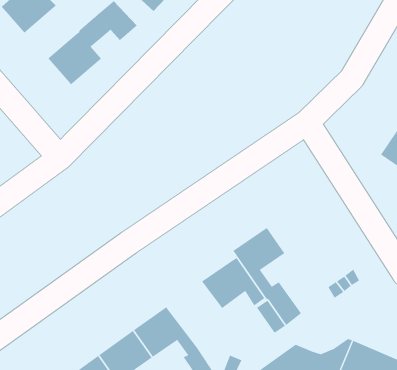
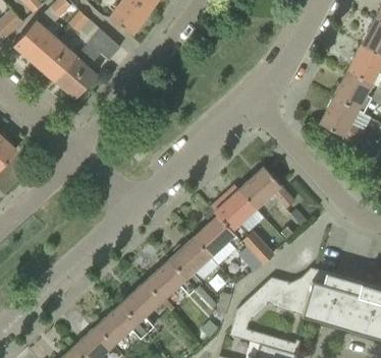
building: none -> [34,39,75,80]
building: none -> [238,171,290,219]
building: none -> [168,238,220,289]

